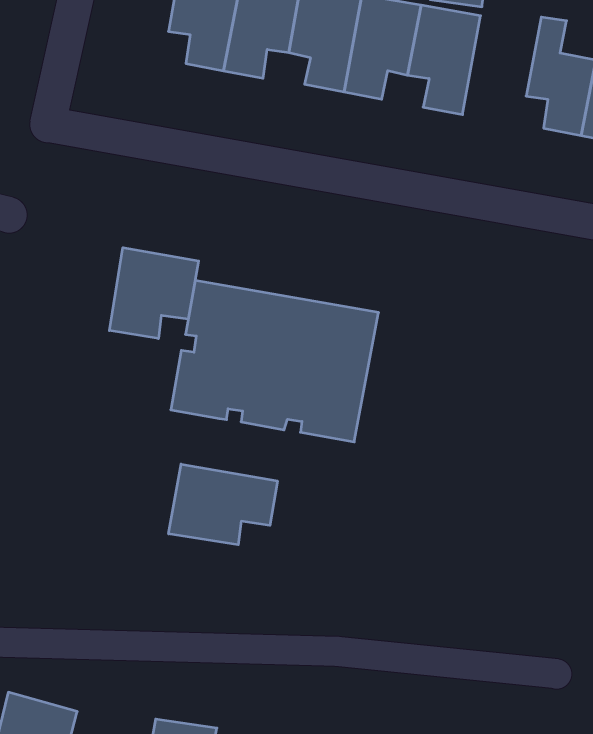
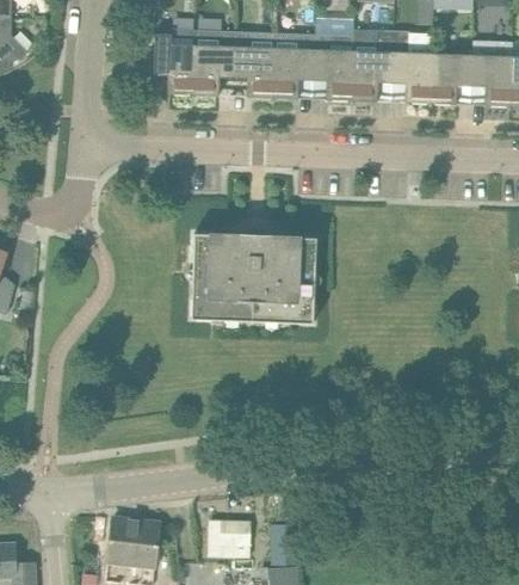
building: none -> [352,29,394,100]
building: [109,248,199,339] -> none
building: [169,464,277,545] -> none

